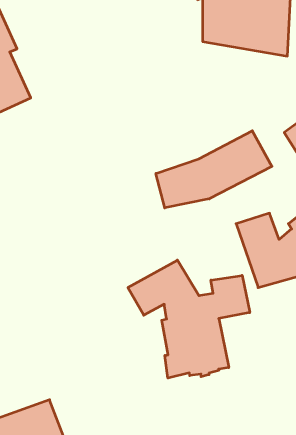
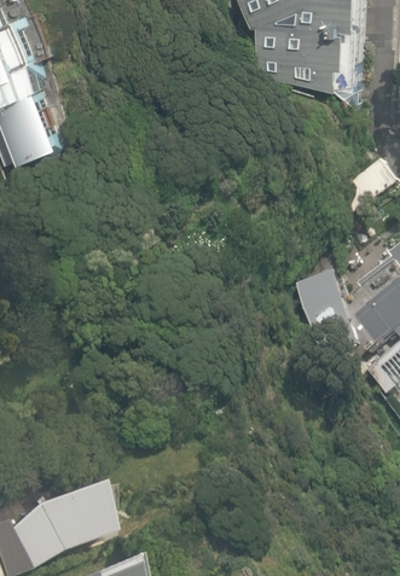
building: [156,131,272,208] -> none
building: [128,260,250,378] -> none

